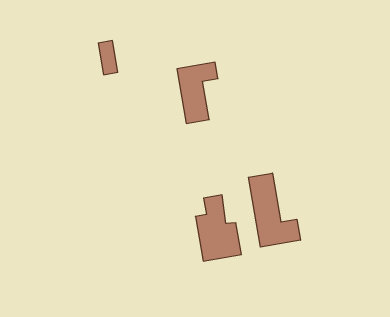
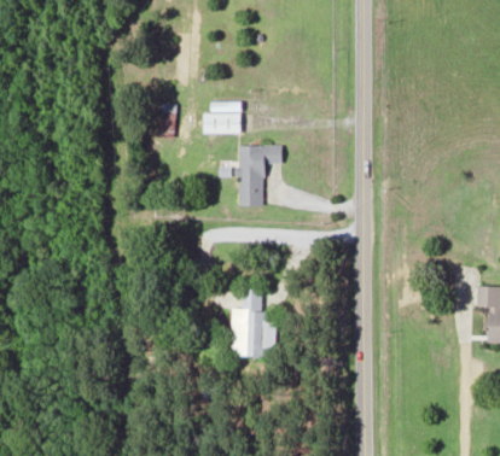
building: none -> [203,103,239,133]
building: [248,173,300,247] -> none

